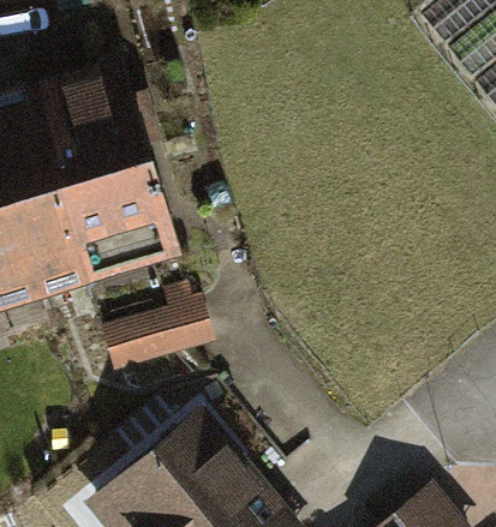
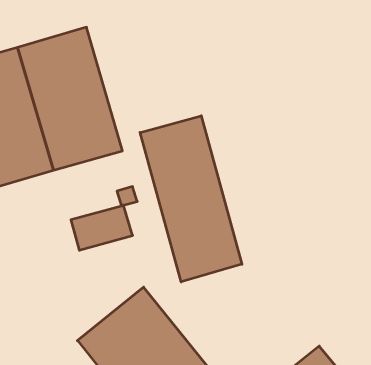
building: none -> [140,116,242,282]

